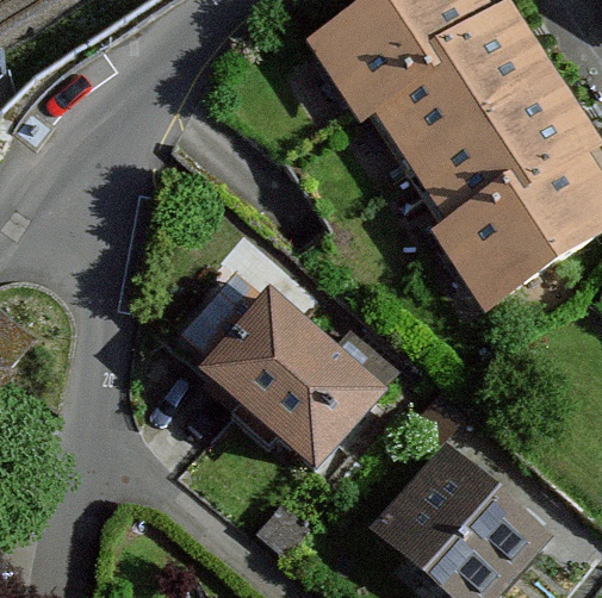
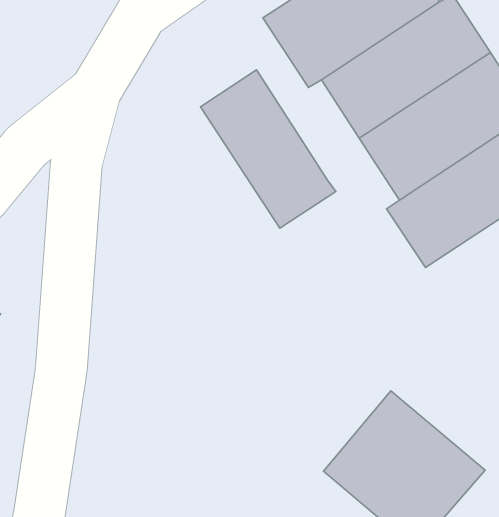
building: none -> [200,70,336,228]
building: [179,267,392,473] -> none

